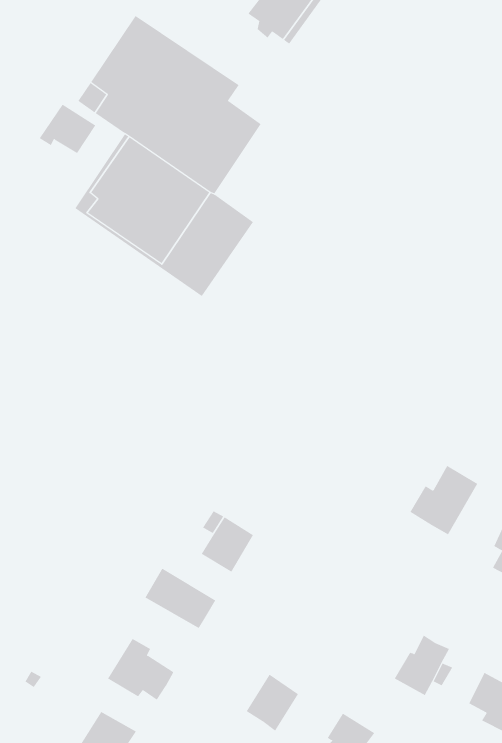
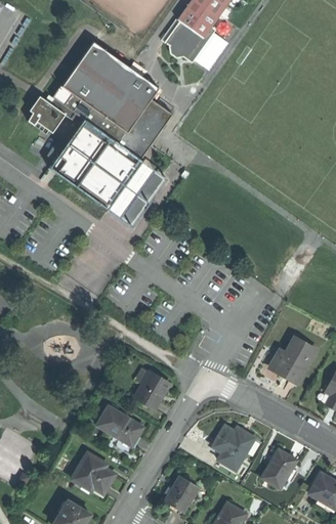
building: none -> [212,426,255,471]

